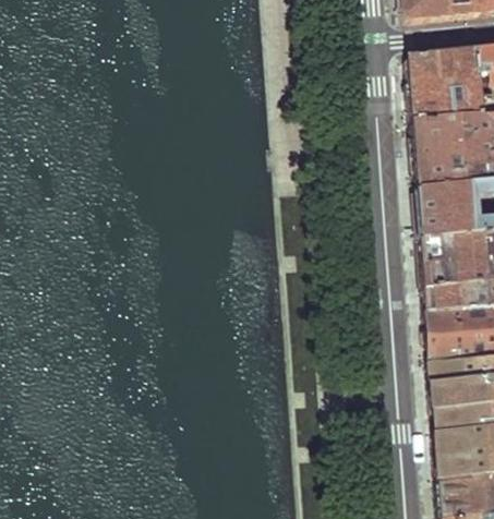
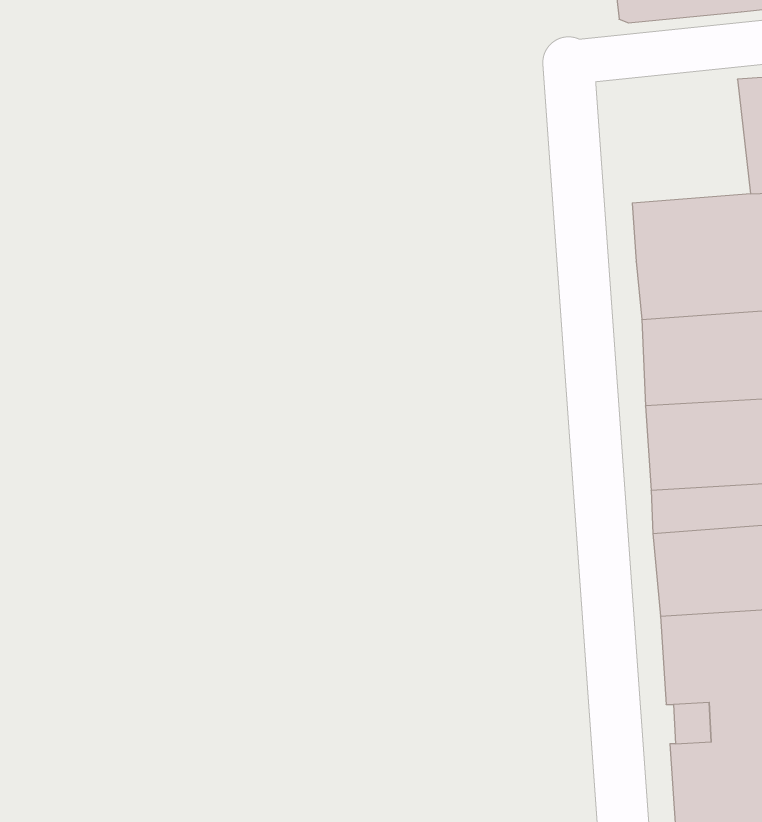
building: [410,48,483,120] -> none

